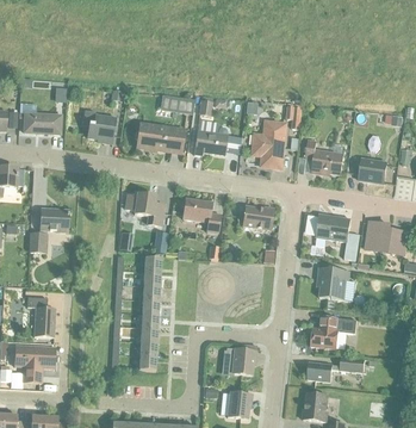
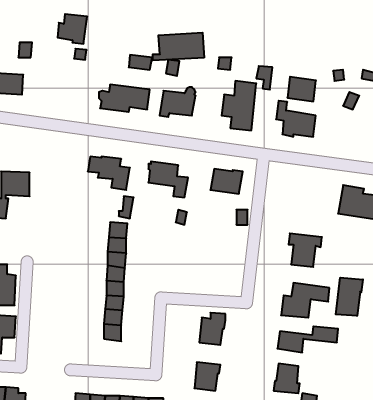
building: none -> [153,33,204,60]
building: [87,114,116,143] -> [58,14,87,44]
building: [359,159,386,182] -> [287,77,316,101]
building: [316,213,359,260] -> none
building: none -> [336,278,363,316]

